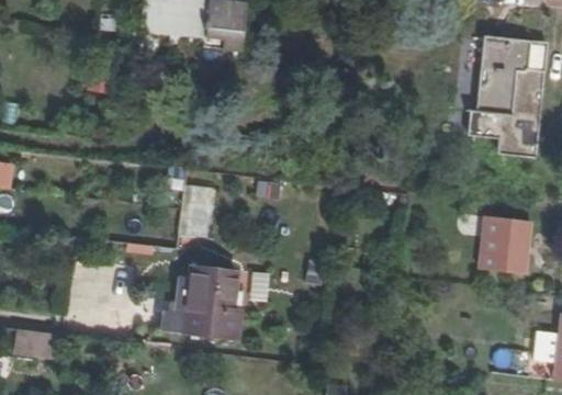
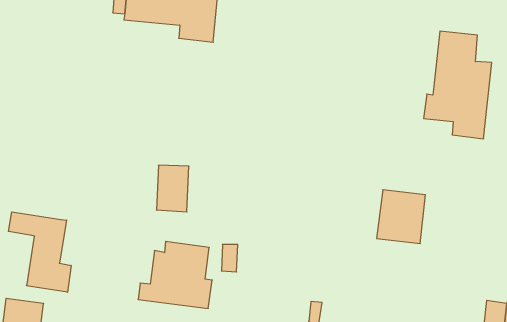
building: [479,216,531,274] -> [377,190,425,244]
building: none -> [8,212,71,292]

